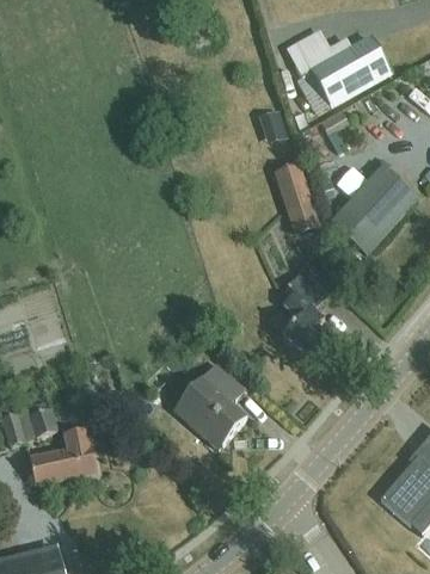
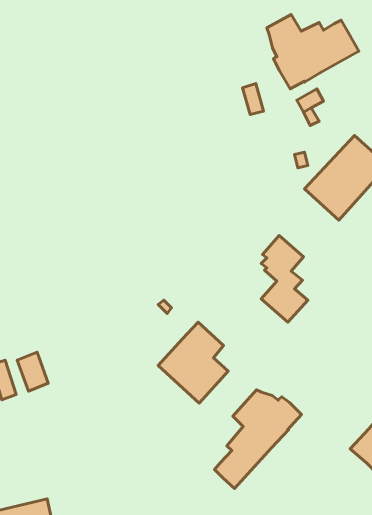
building: [274,162,317,232] -> none
building: [30,427,97,486] -> none
building: none -> [214,390,301,489]

